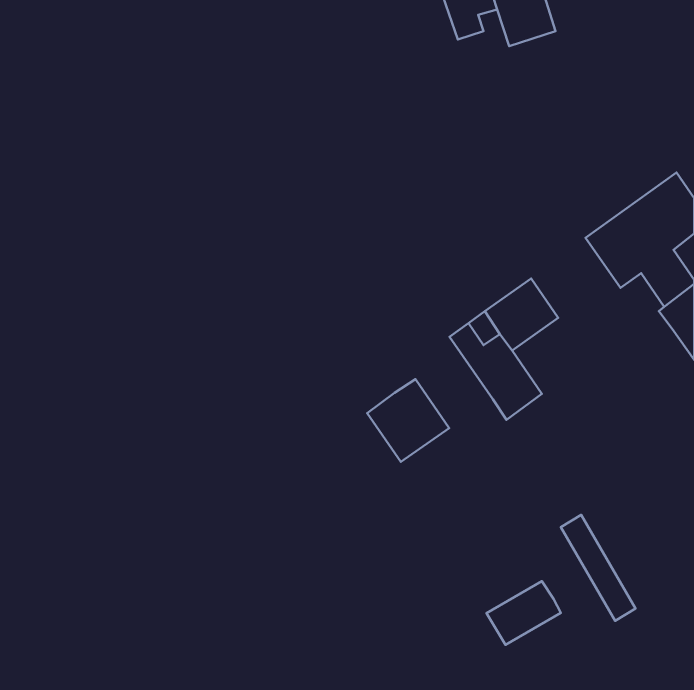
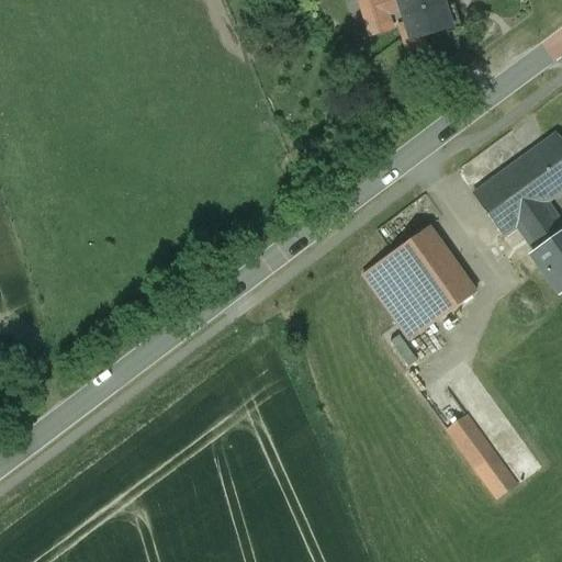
building: none -> [414,257,476,318]
building: [367,379,449,462] -> none
building: [486,581,561,645] -> none

